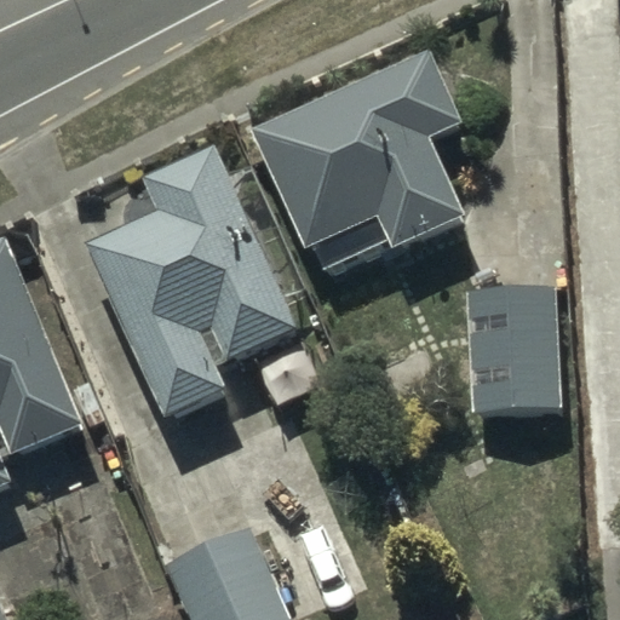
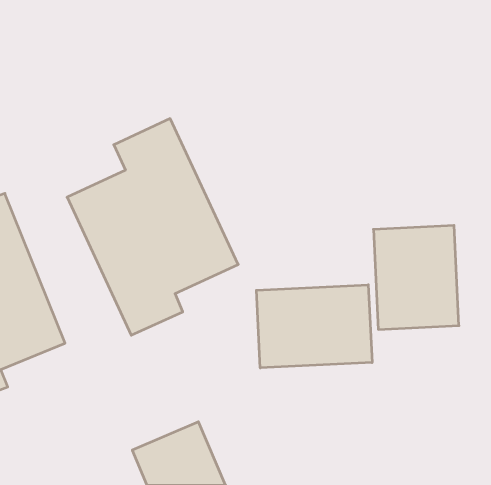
building: [252,53,464,247] -> none
building: none -> [256,285,372,368]

